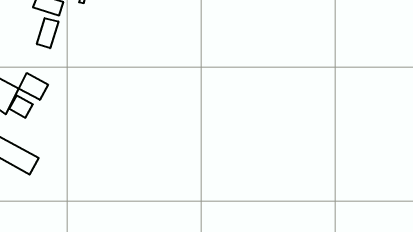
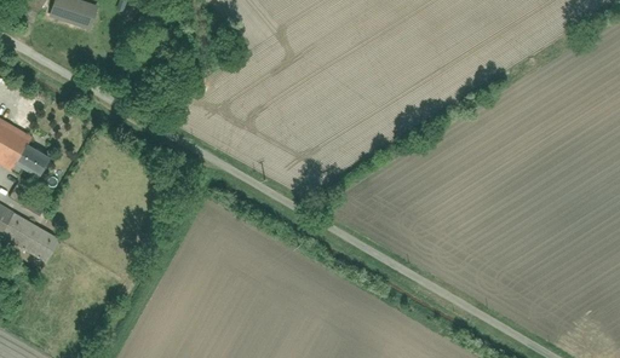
building: [37,18,58,48] -> none
building: [19,73,48,100] -> none

